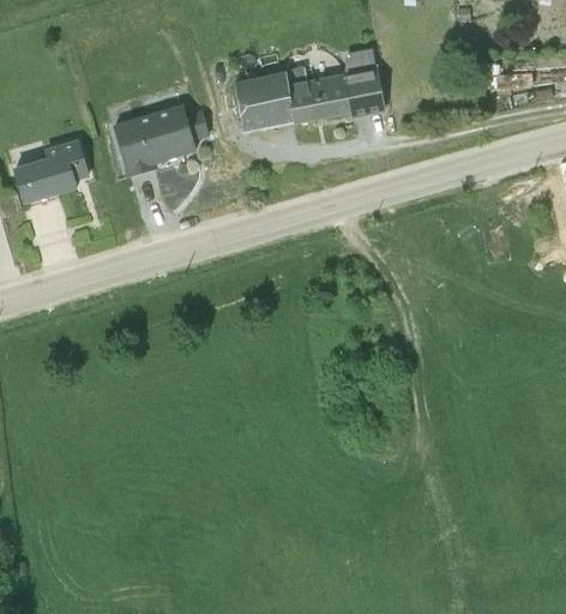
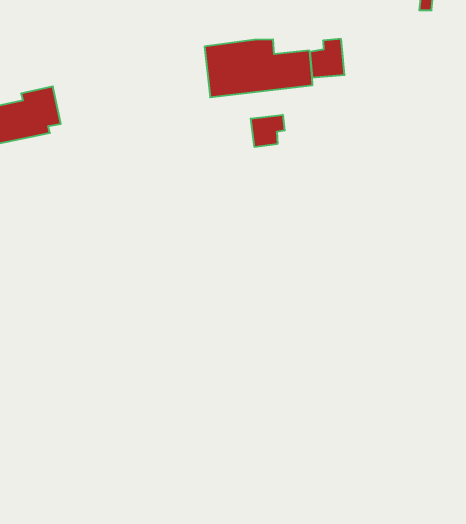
building: [113,103,211,176] -> none
building: none -> [251,115,285,147]

